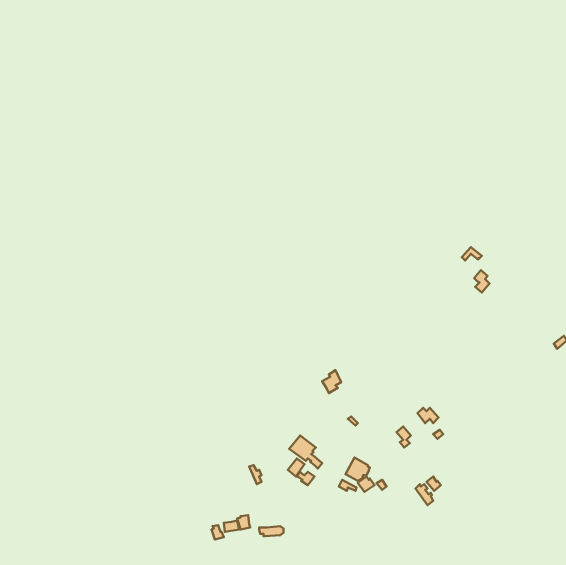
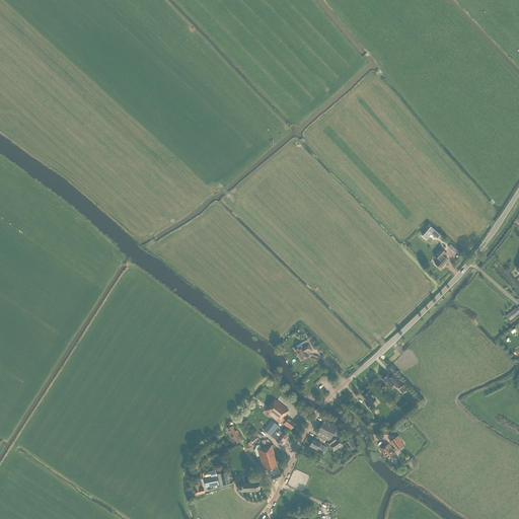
building: none -> [257,444,279,474]

